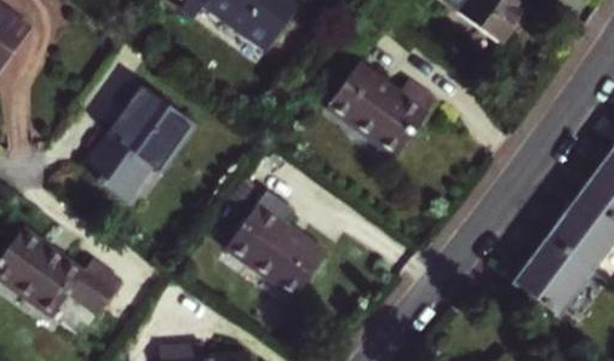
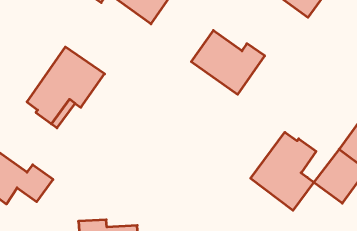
building: [225,190,327,297] -> none
building: none -> [251,132,316,210]

